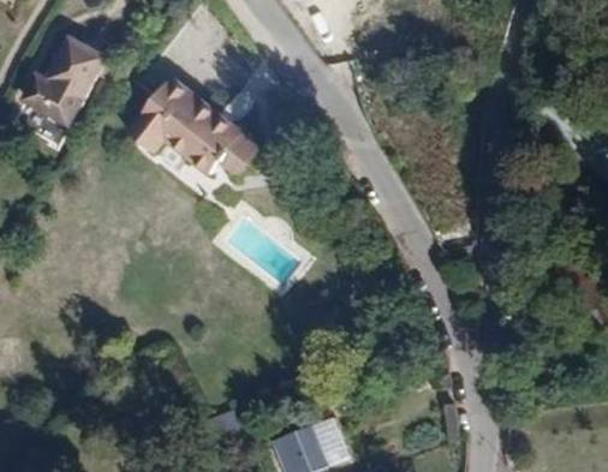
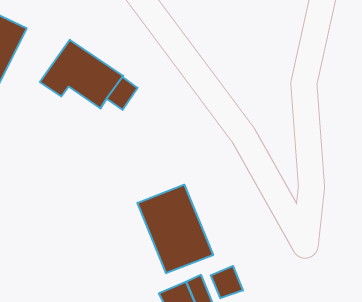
building: none -> [137,185,213,273]
building: none -> [211,266,243,298]

